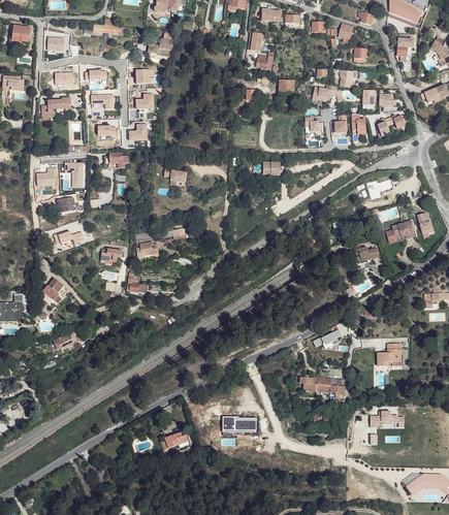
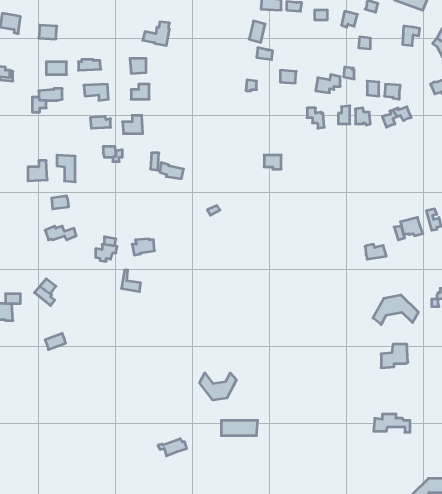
building: none -> [373,295,418,325]
building: none -> [200,373,236,400]
building: [299,376,345,395] -> none

